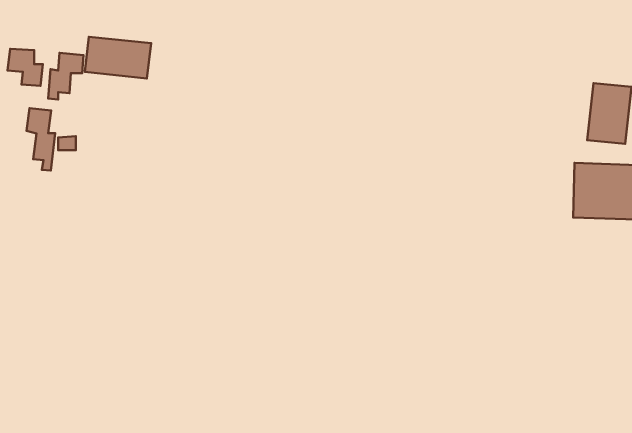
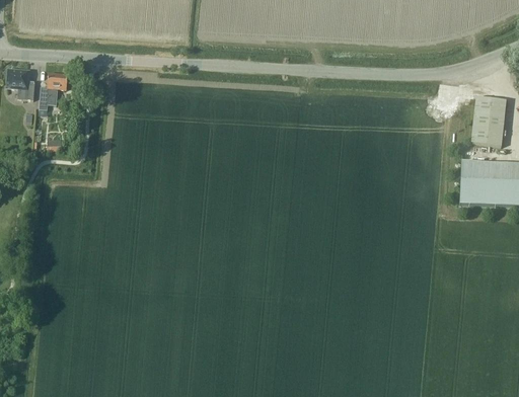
building: [85,37,151,78] -> none
building: [27,108,55,170] -> none

